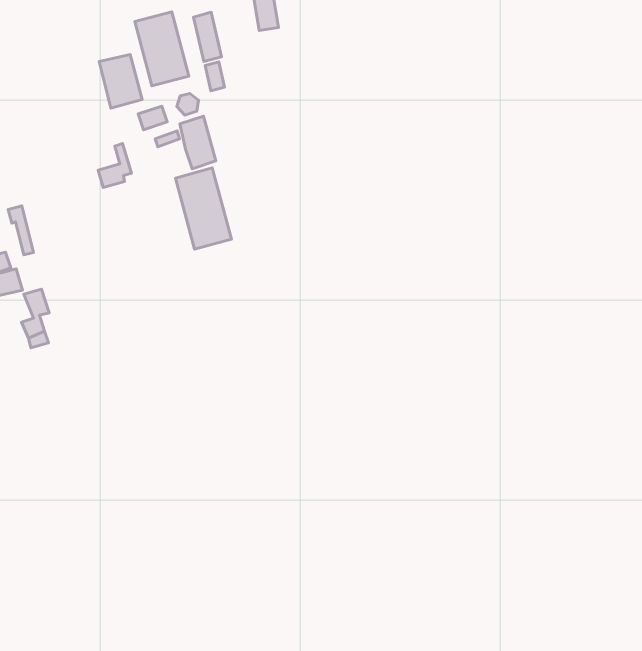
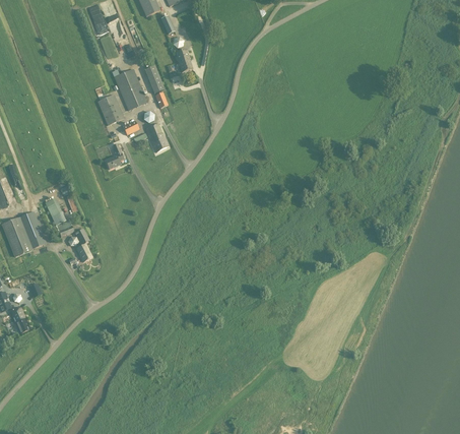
building: [175,168,231,249] -> none

